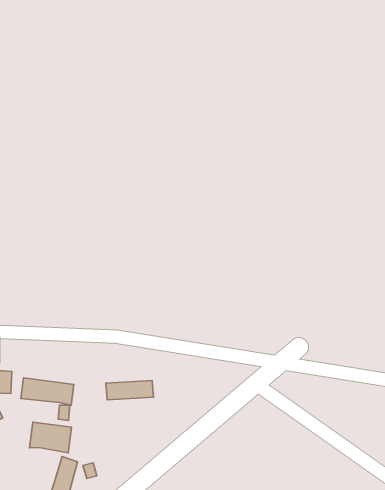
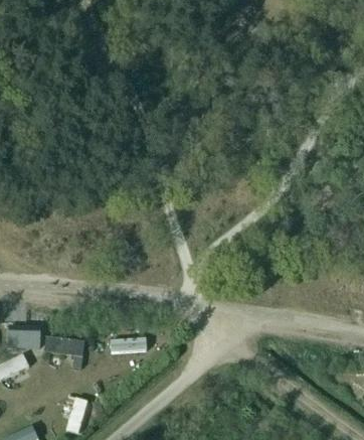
building: [30,422,72,453] -> none

